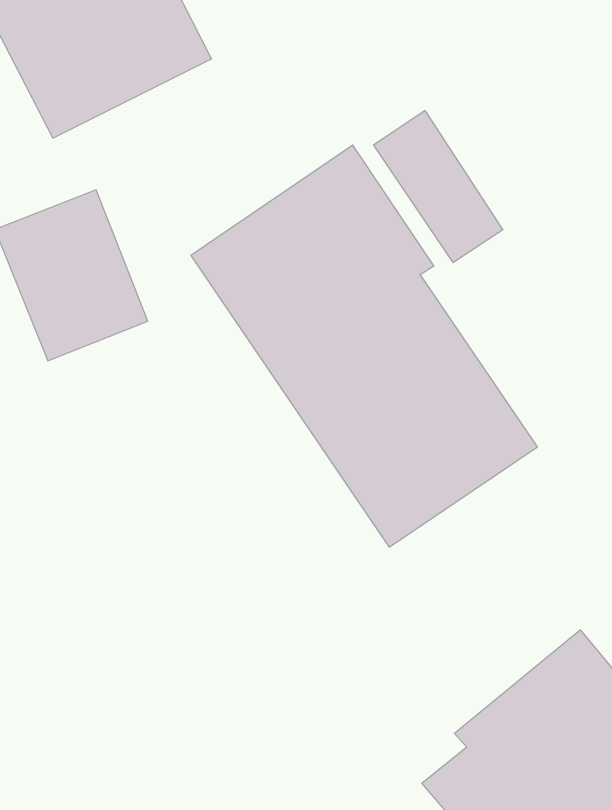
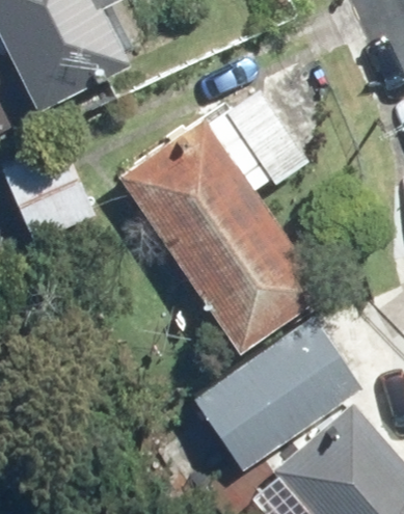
building: none -> [194,317,361,467]

